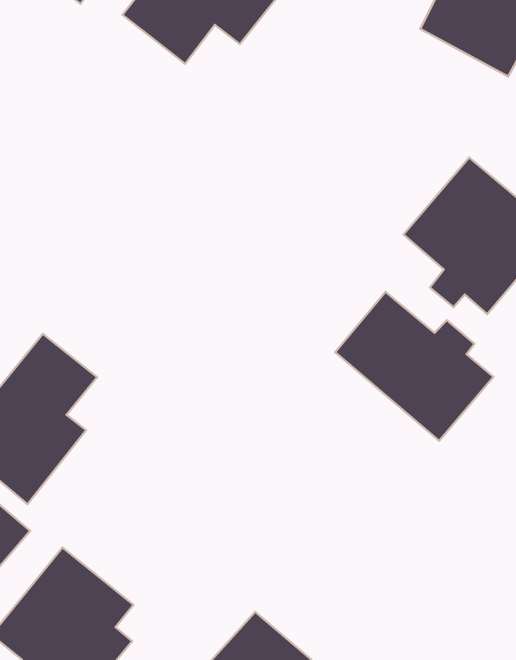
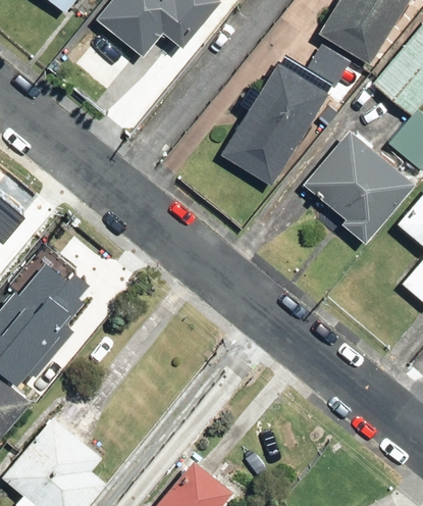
building: none -> [221,44,354,184]
building: [335,292,494,441] -> none

